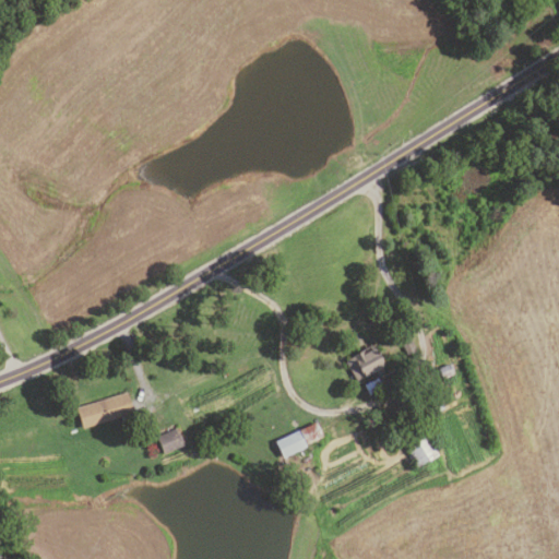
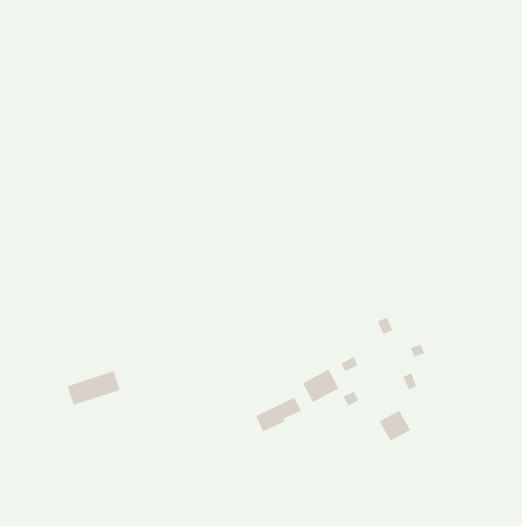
building: [349,345,389,381] -> [302,369,339,403]
building: [156,426,185,454] -> none

